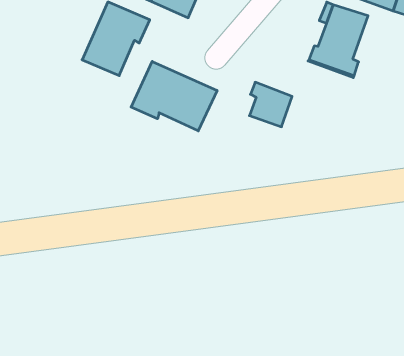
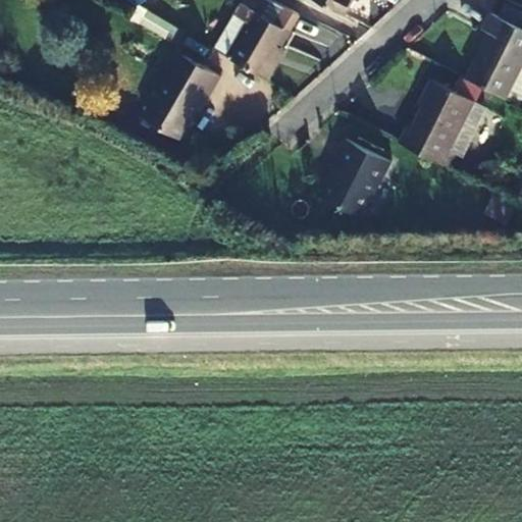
building: none -> [337,139,396,184]
building: [131,61,217,131] -> none

